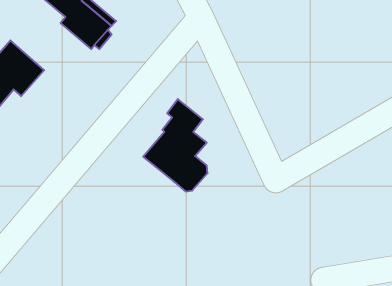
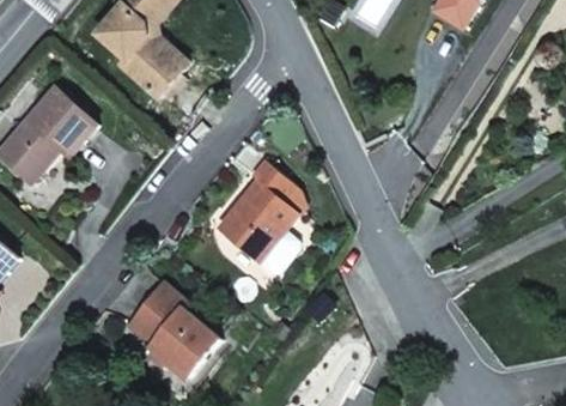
building: none -> [128,281,218,376]

